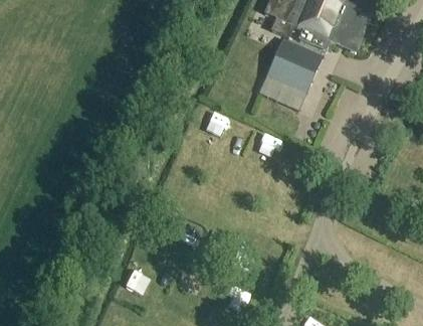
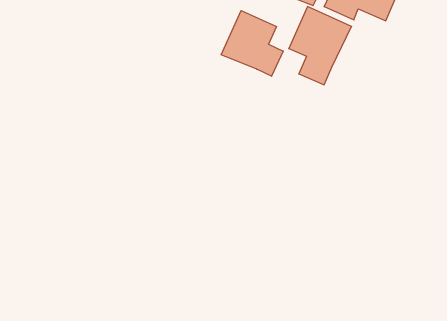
building: none -> [221,11,283,76]

